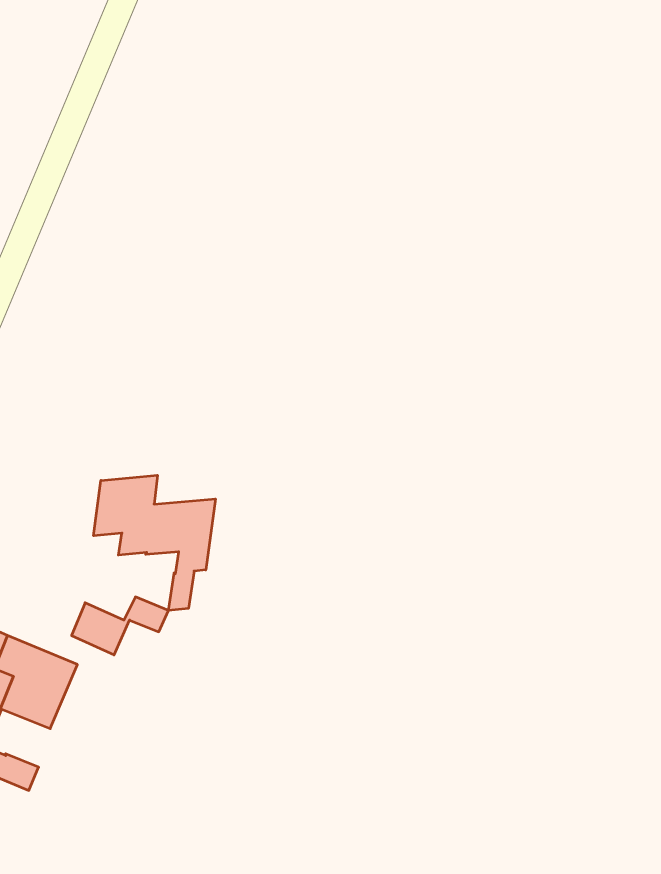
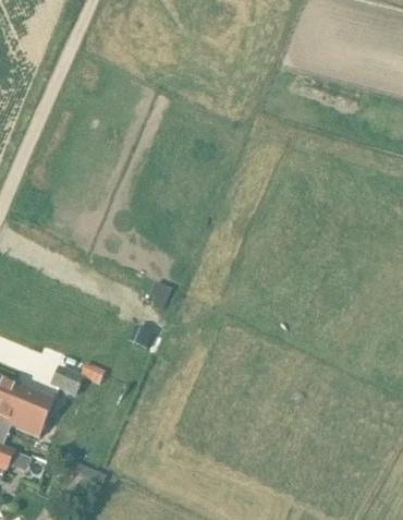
building: [94,475,215,610] -> none

